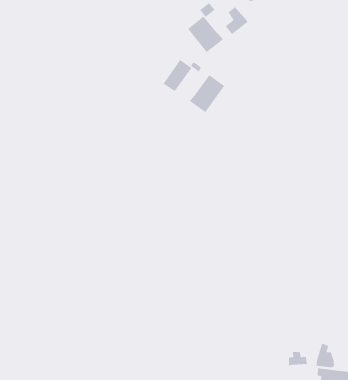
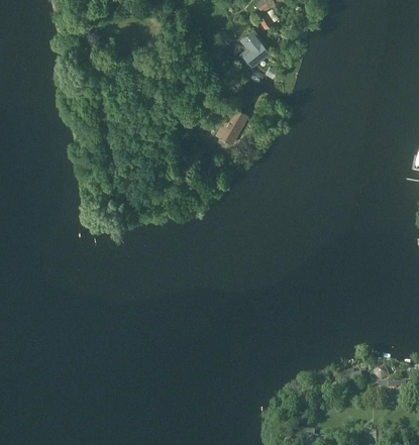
building: [187,15,224,53] -> none
building: [162,59,193,92] -> none

